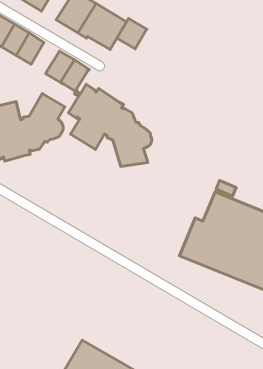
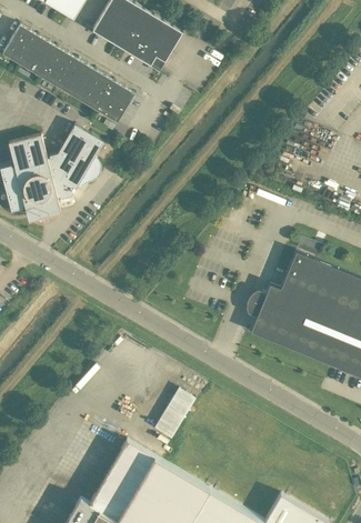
building: [117,18,147,49] -> none
building: none -> [60,60,97,100]
building: [68,84,152,166] -> none
building: none -> [153,386,195,437]

